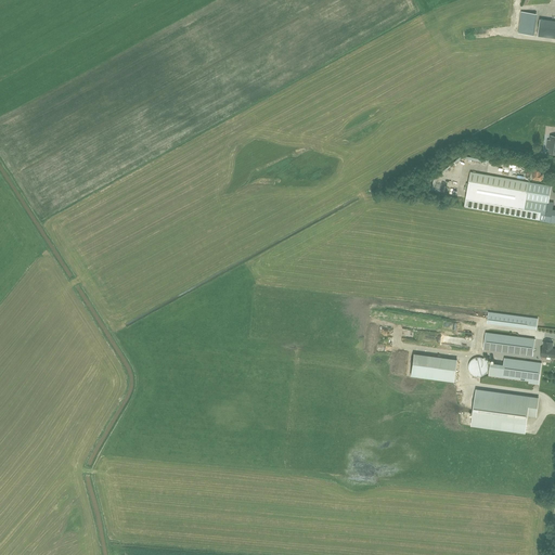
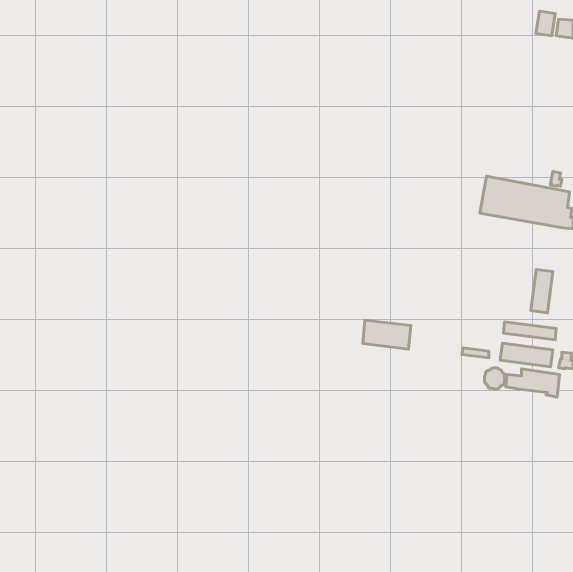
building: none -> [531,269,553,313]
building: [412,352,459,380] -> [363,320,411,349]
building: [470,388,539,433] -> none

